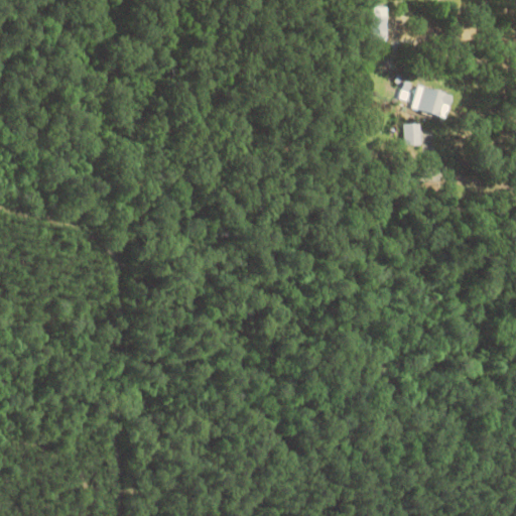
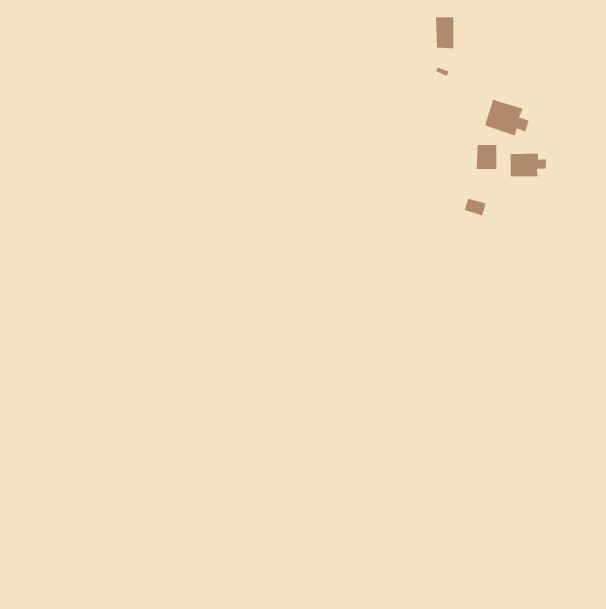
building: none -> [510,153,546,177]

